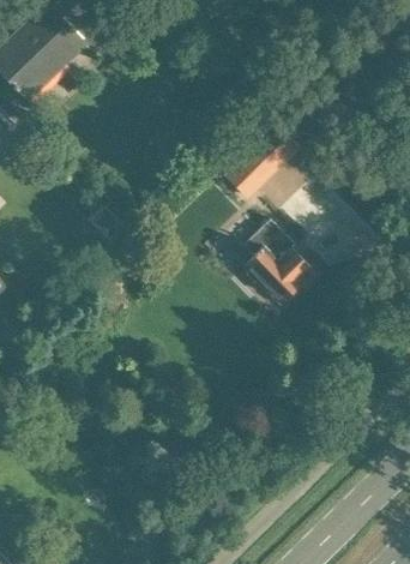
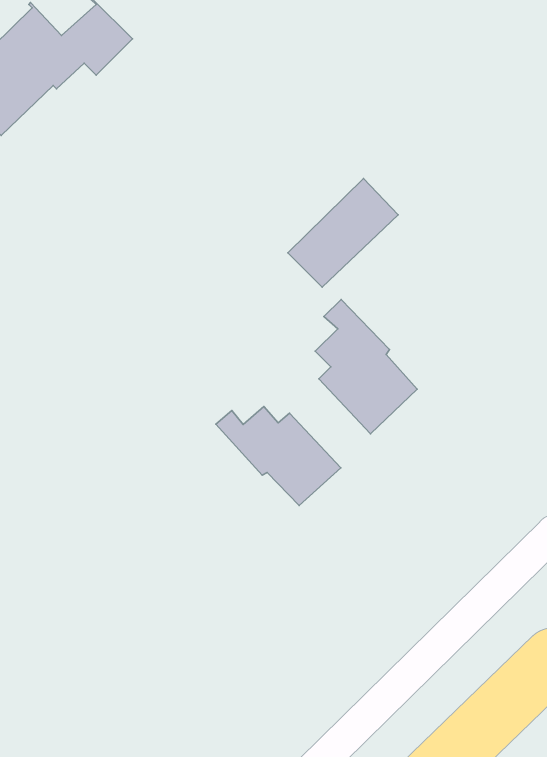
building: none -> [216,407,341,506]

